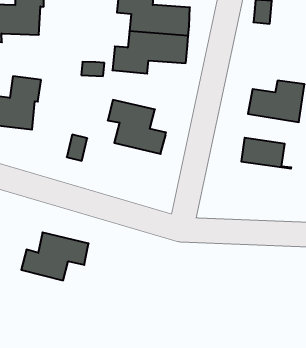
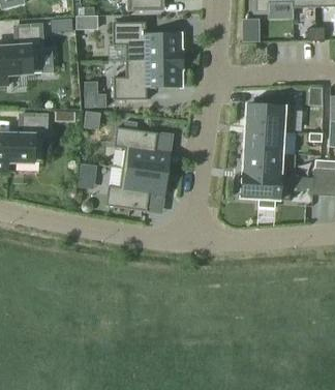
building: none -> [245,127,295,152]
building: none -> [242,173,292,206]
building: [21,232,89,280] -> [106,167,167,210]

